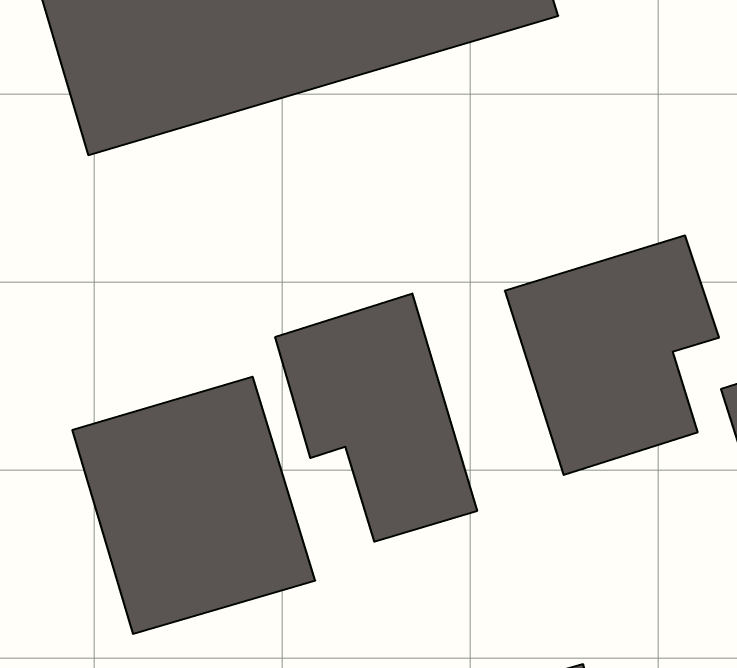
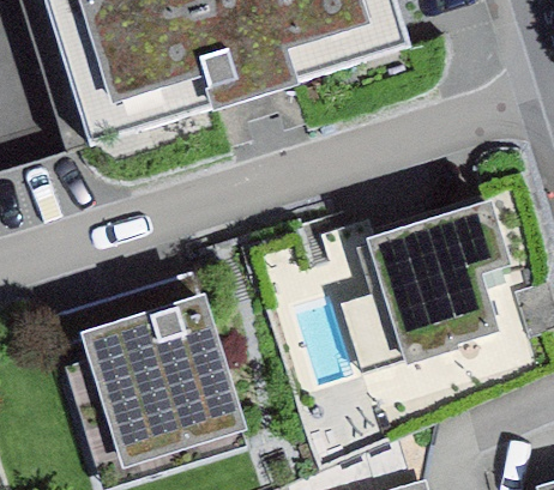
building: [275,293,477,542] -> none

